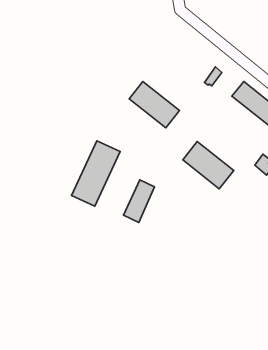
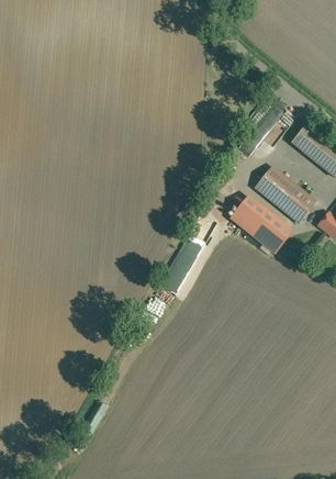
building: [129,82,179,128] -> [254,166,314,222]
building: [72,141,120,206] -> none

